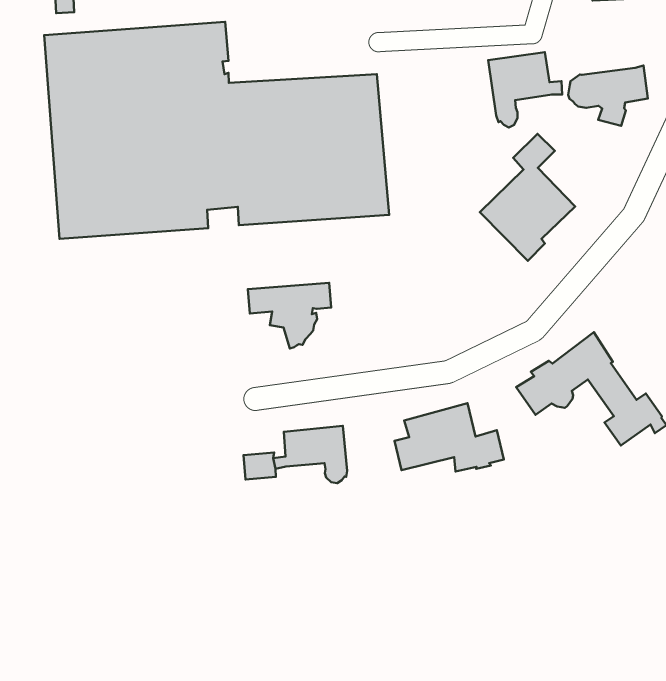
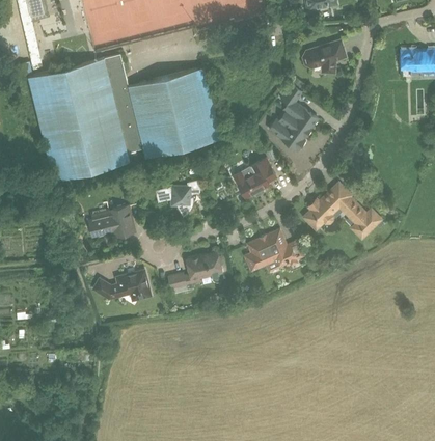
building: [488,52,562,128] -> none
building: none -> [233,158,276,198]
building: none -> [87,205,134,237]
building: none -> [92,270,151,300]

